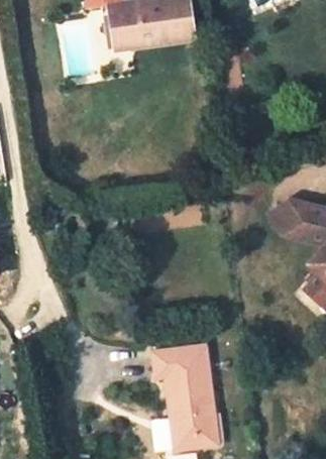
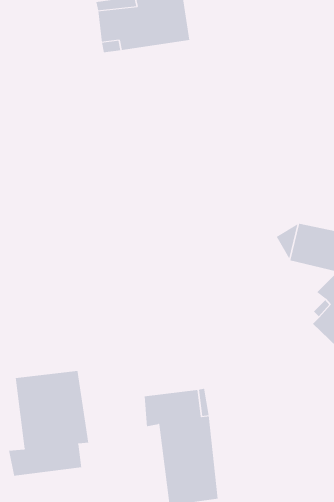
building: none -> [8,370,89,476]

